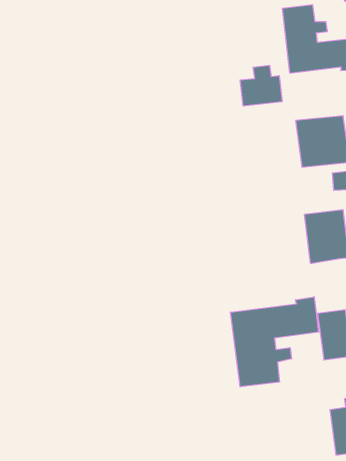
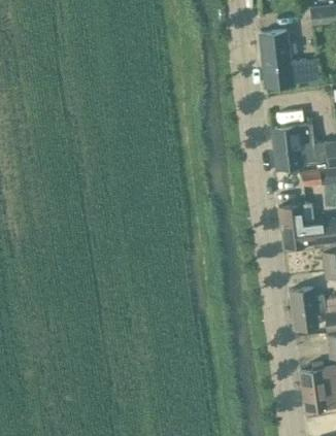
building: [240,65,282,106] -> none
building: [231,297,319,387] -> none

